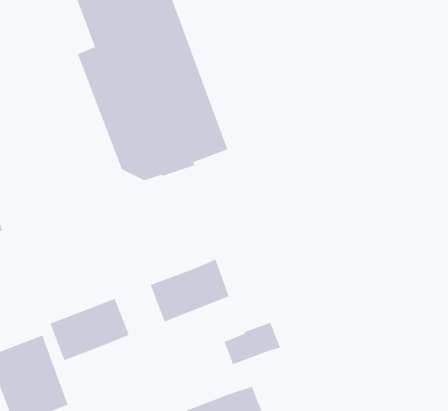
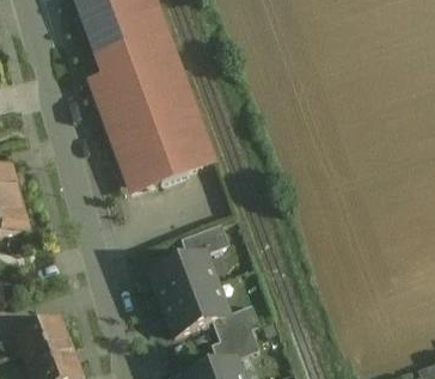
building: none -> [179,222,228,258]
building: [49,298,129,361] -> [161,282,228,335]
building: none -> [210,328,258,363]

